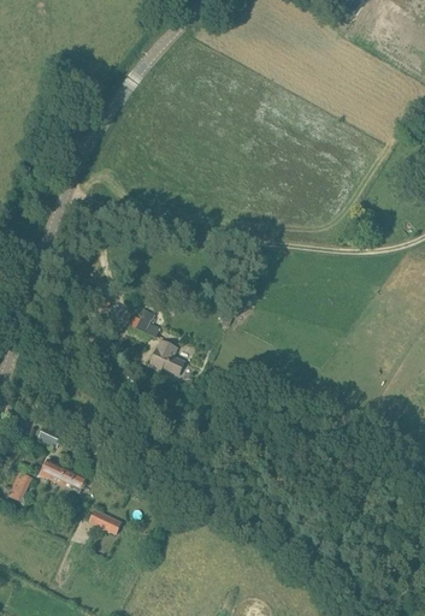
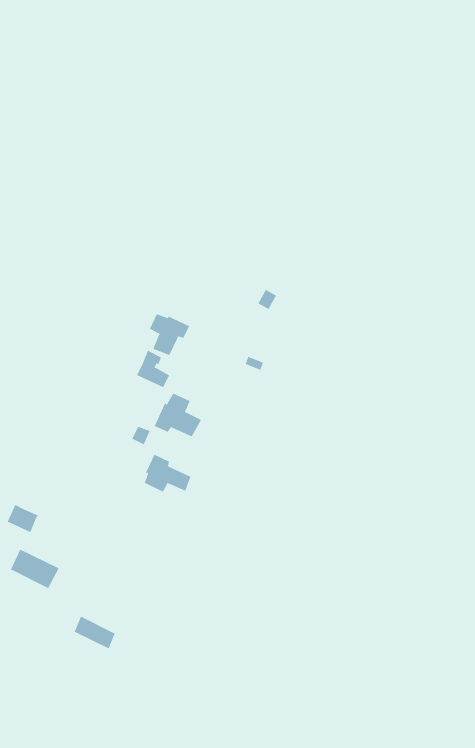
building: none -> [149,313,190,356]
building: none -> [144,454,191,492]

